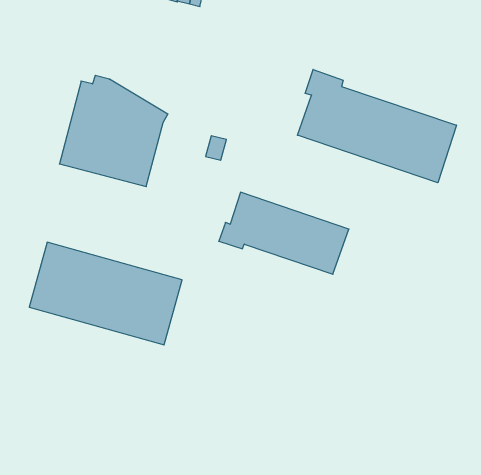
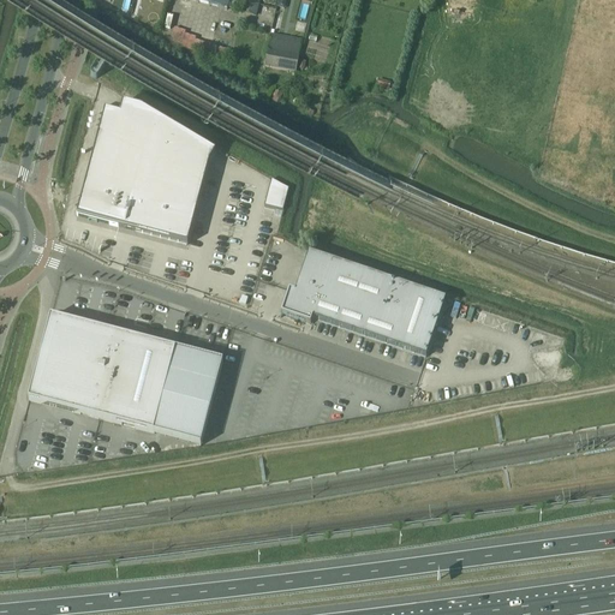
building: none -> [263,26,300,65]
building: [297,69,456,183] -> none

